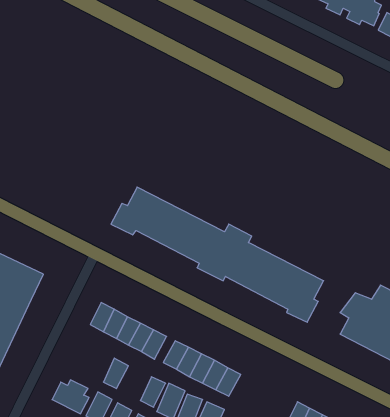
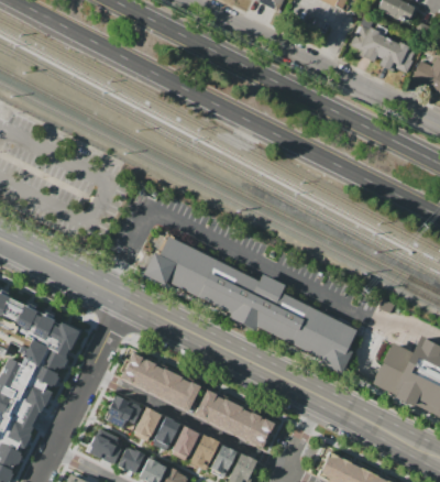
building: none -> [110,397,143,428]
building: none -> [155,419,182,450]

